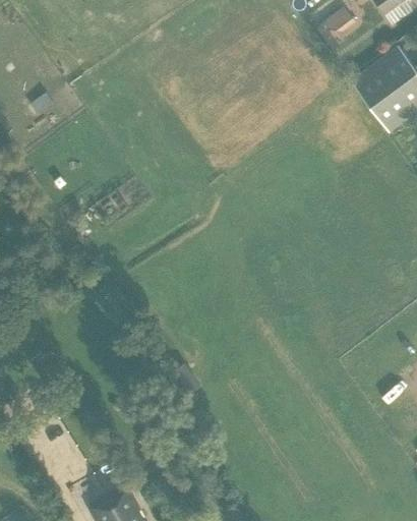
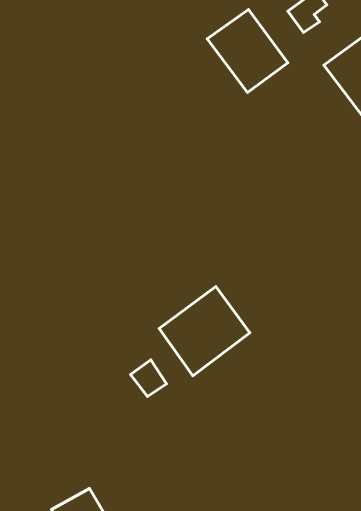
building: none -> [207,10,288,93]
building: none -> [159,287,250,376]

